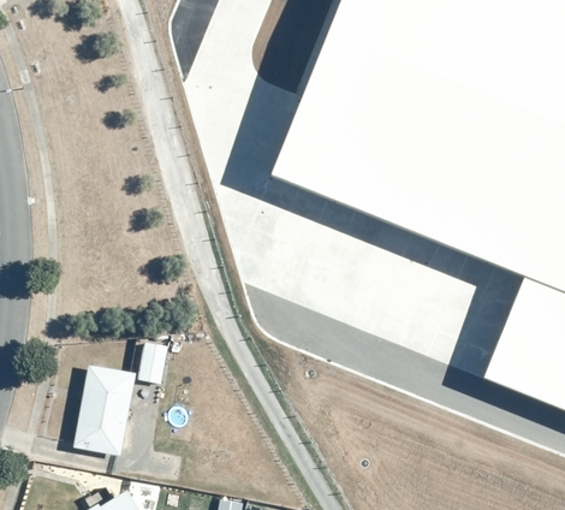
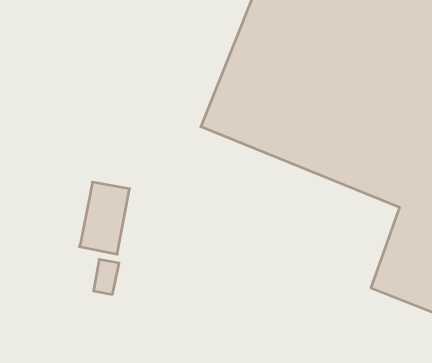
building: [71,364,135,456] -> [79,182,130,254]

